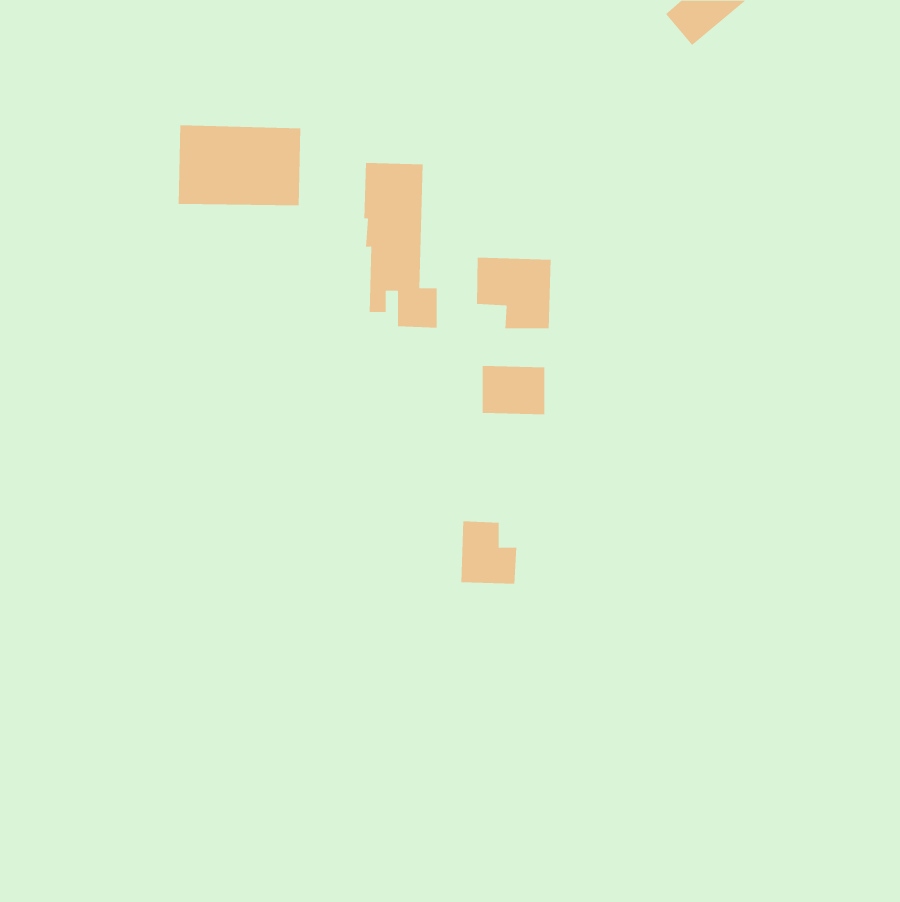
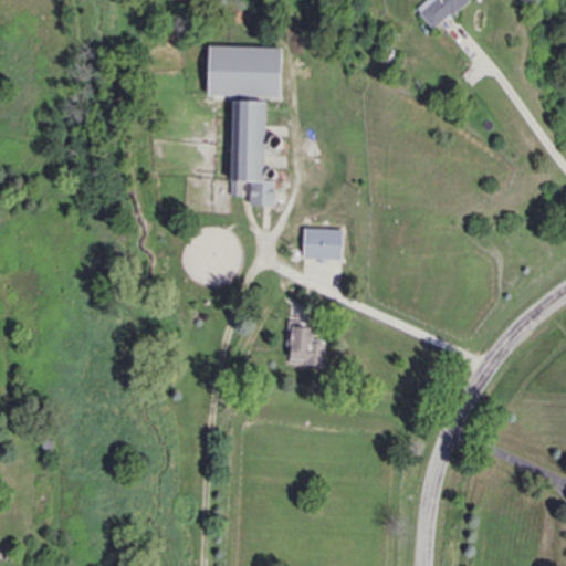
building: [178,125,301,206] -> [205,46,282,97]
building: [476,257,551,329] -> none

